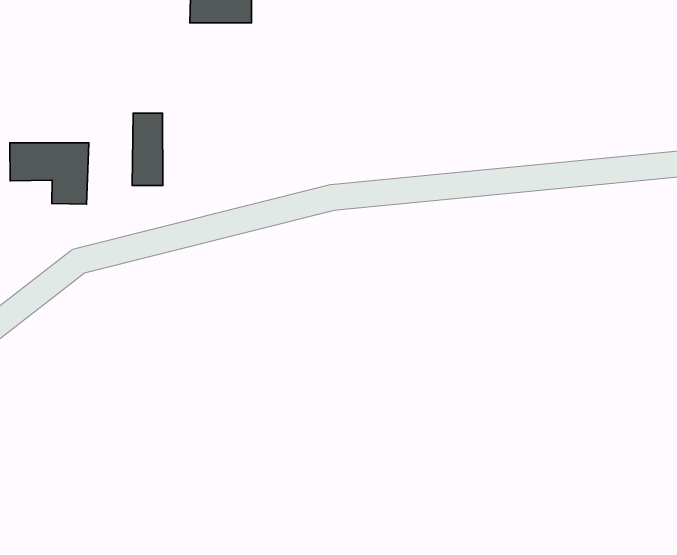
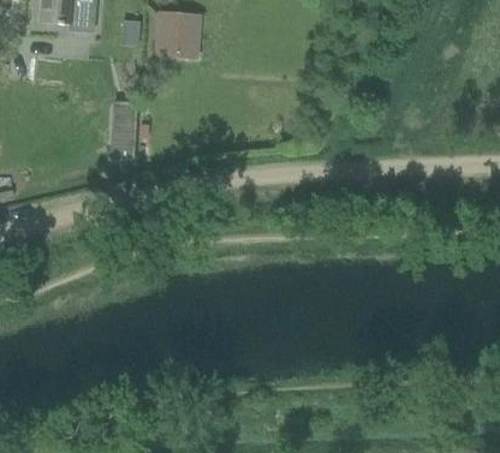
building: [10,143,89,204] -> none

